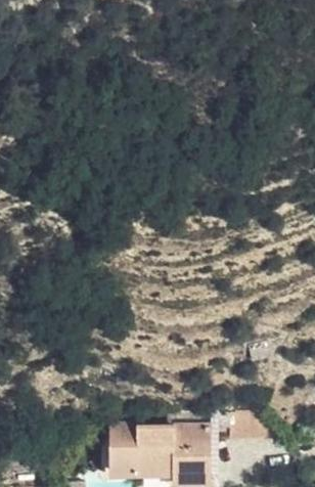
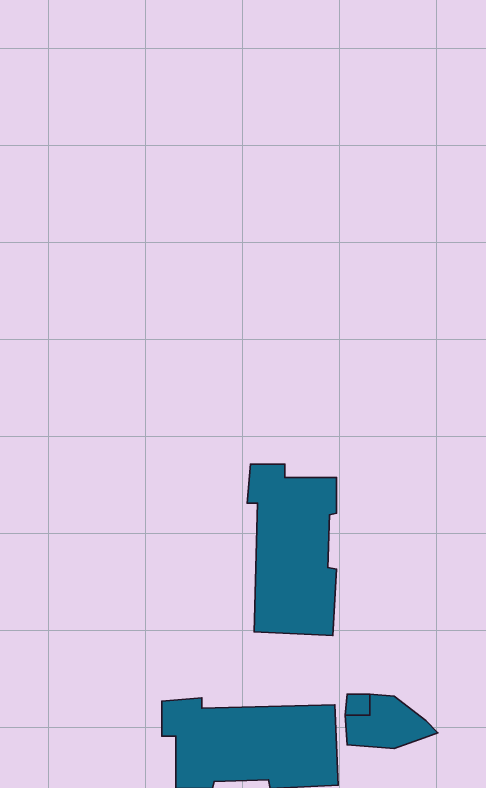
building: none -> [247,464,336,635]

